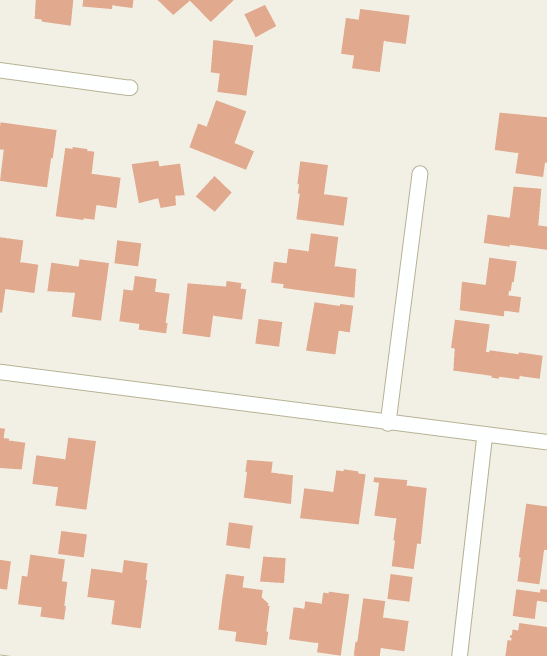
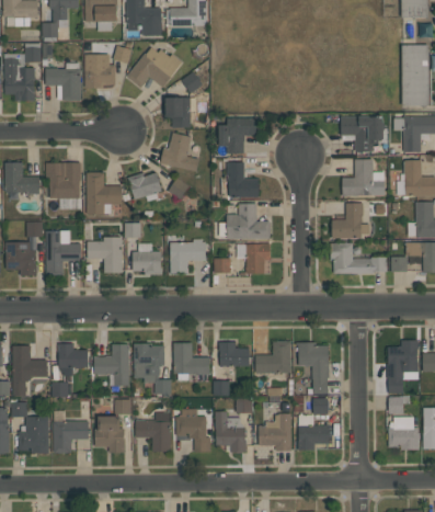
building: [340,8,410,72] -> [219,118,257,155]
building: none -> [134,343,171,397]
building: none -> [173,343,209,382]
building: none -> [176,409,210,453]

